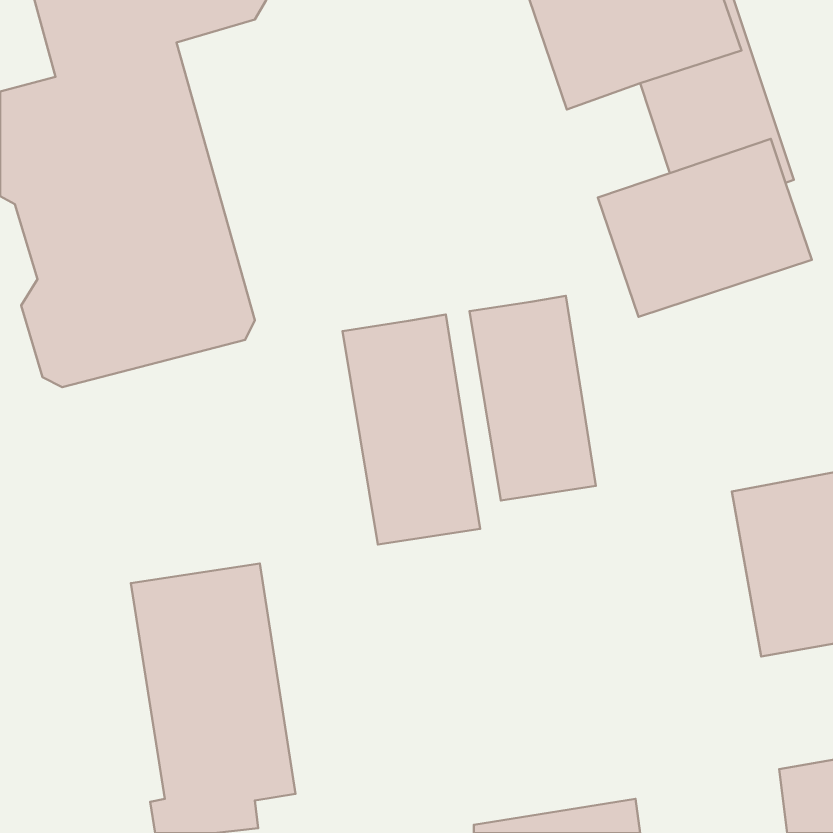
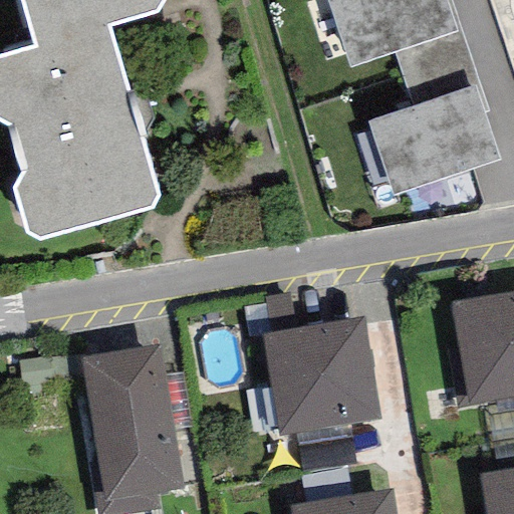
building: [469,296,596,501] -> none
building: [343,315,480,544] -> none
building: none -> [264,316,378,435]

